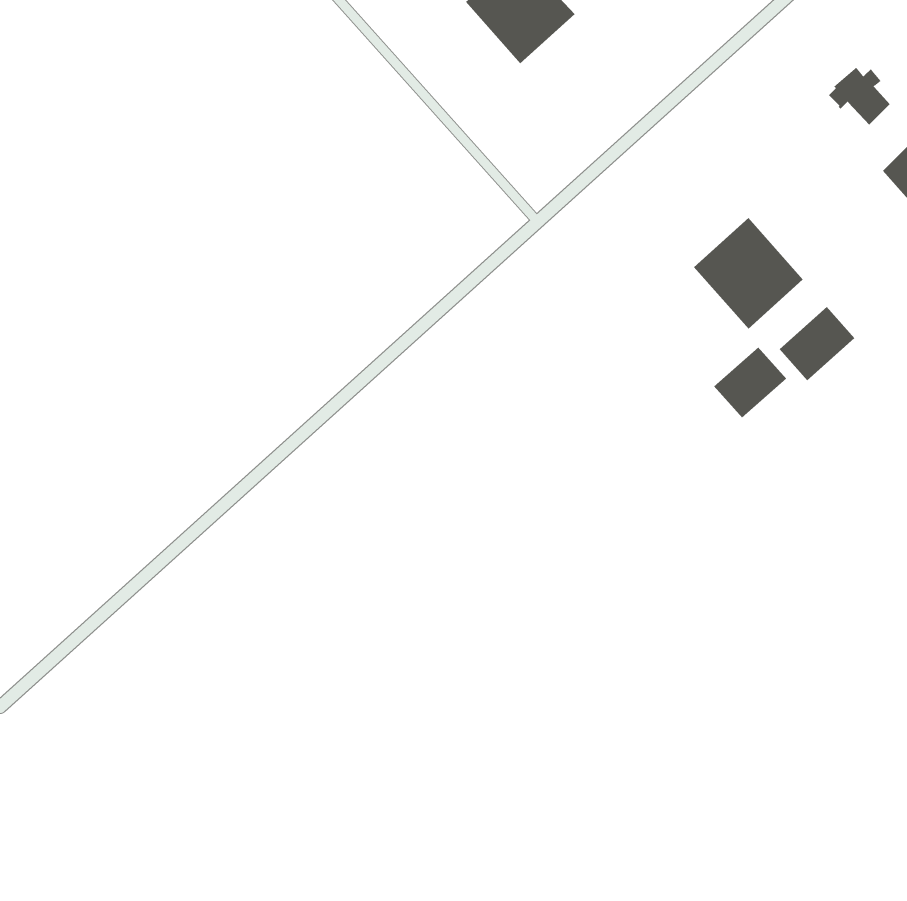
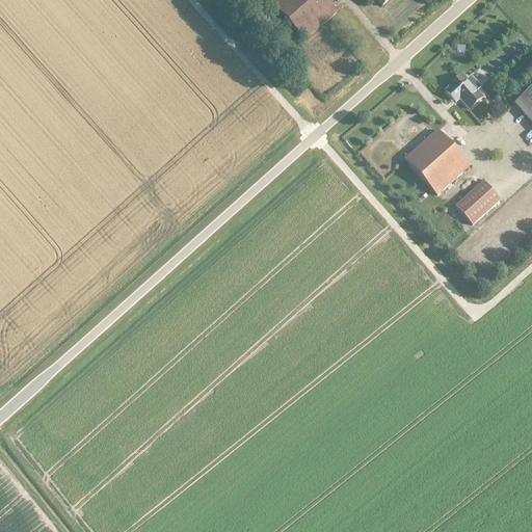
building: [828,67,890,126] -> [447,72,483,106]
building: [713,346,787,419] -> none

